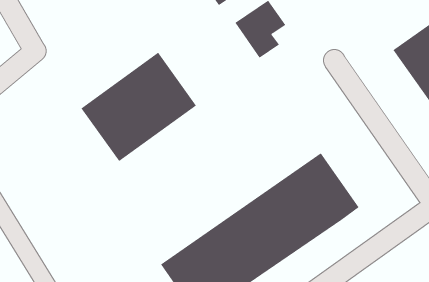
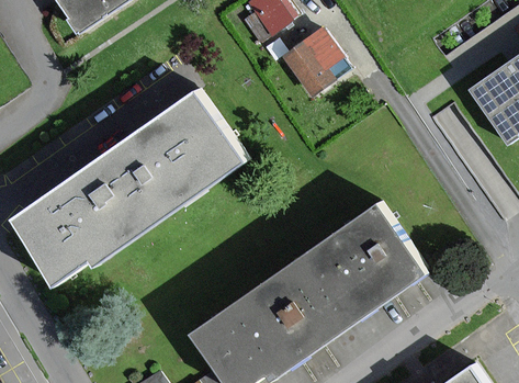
building: none -> [13,156,146,281]

